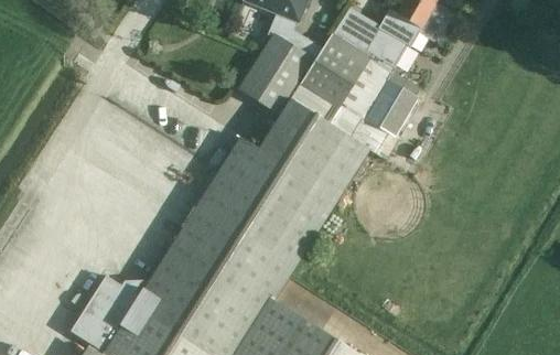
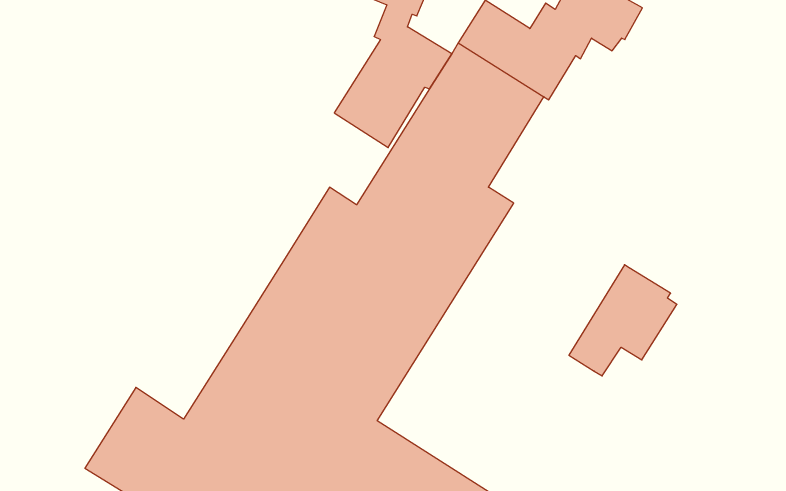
building: [348,75,423,152] -> [569,265,677,376]

